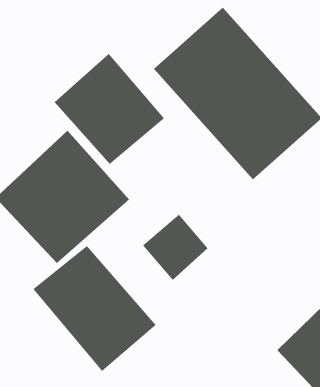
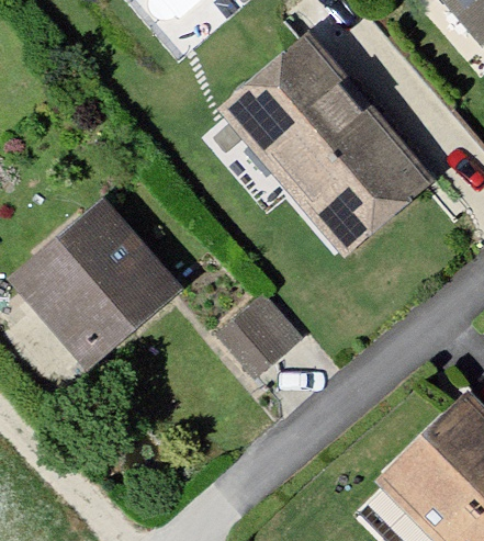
building: [54,53,165,165] -> none
building: [33,245,156,372] -> none

